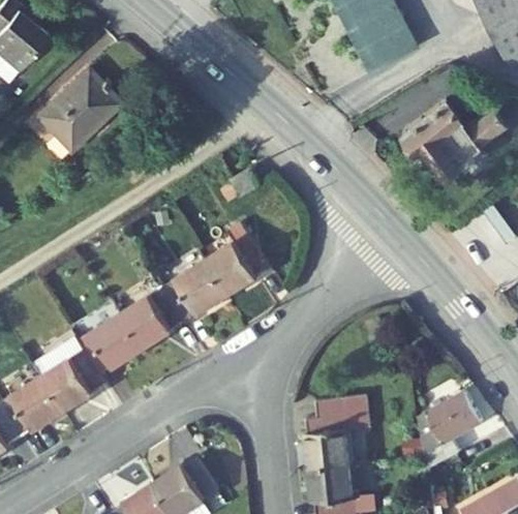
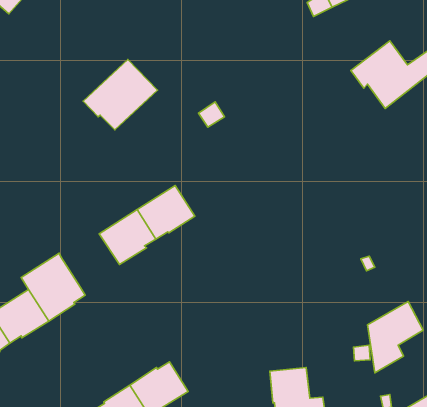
building: [38,68,121,147] -> [83,59,158,130]
building: [206,222,270,295] -> none
building: [79,314,144,374] -> none
building: [307,395,370,467] -> none

